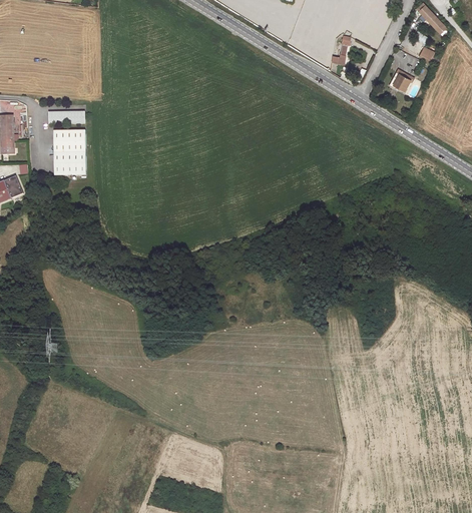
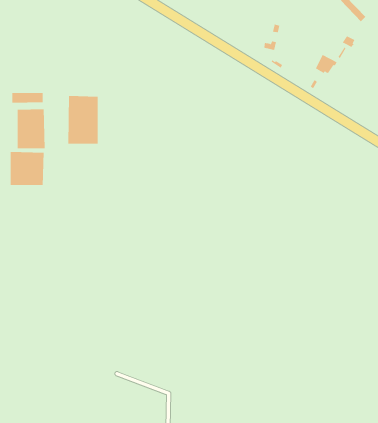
building: none -> [68,95,98,145]
building: none -> [10,151,44,186]

